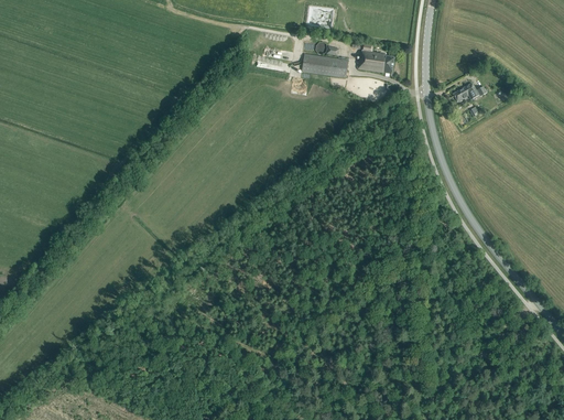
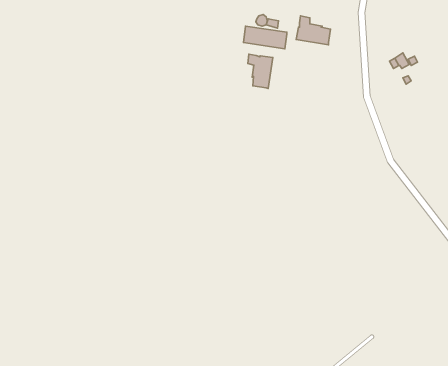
building: none -> [248,54,273,88]

